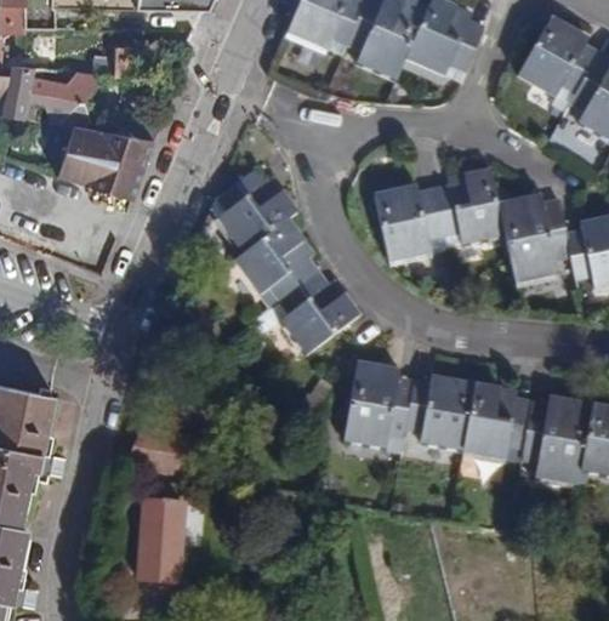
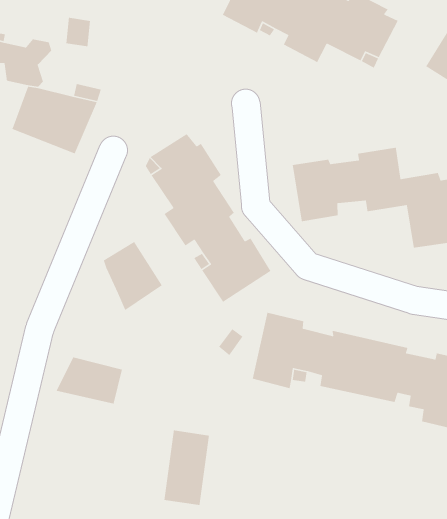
building: none -> [103,241,163,311]
building: [138,500,186,583] -> [164,430,210,506]

